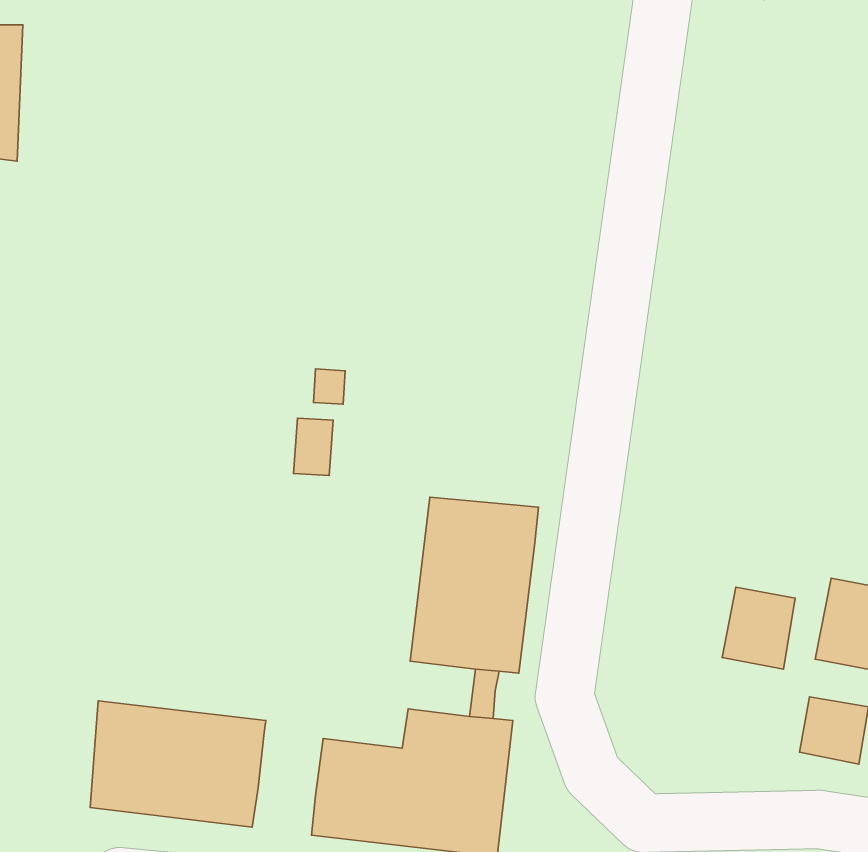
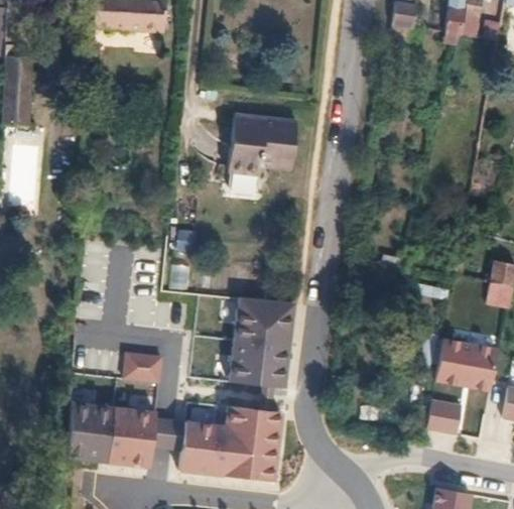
building: none -> [229,116,296,195]
building: [722,587,795,669] -> none
building: none -> [123,353,161,382]
building: none -> [151,418,184,451]

